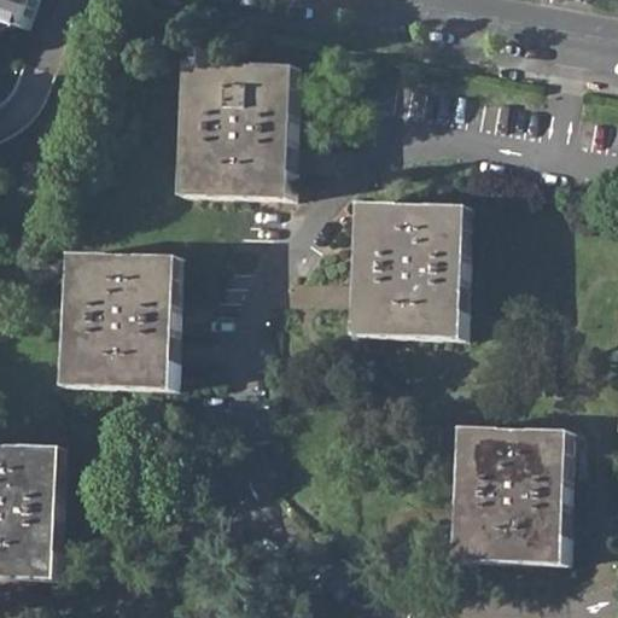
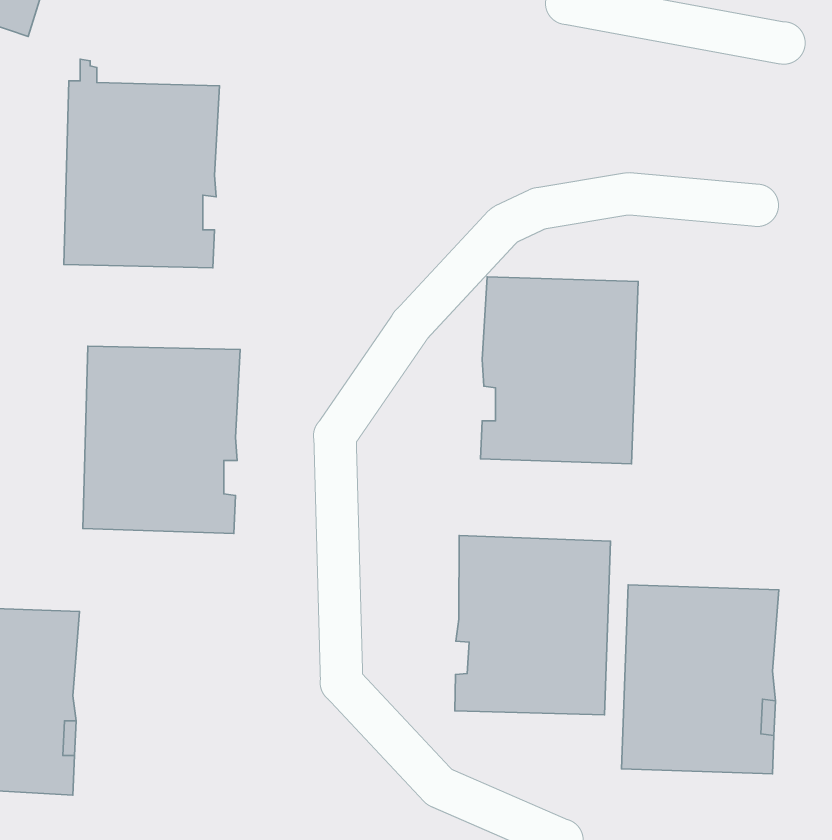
building: [179,46,292,198] -> [64,59,220,268]
building: none -> [455,536,610,715]

